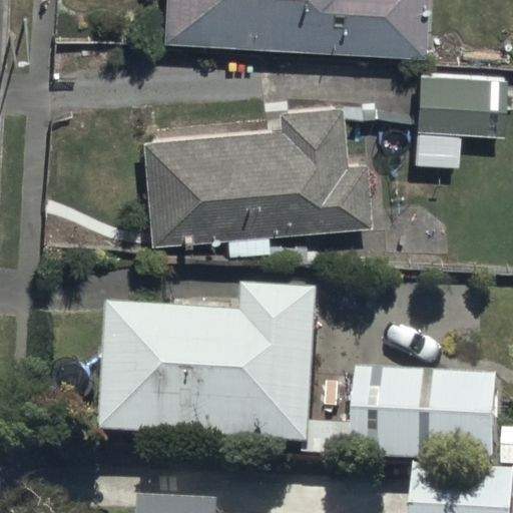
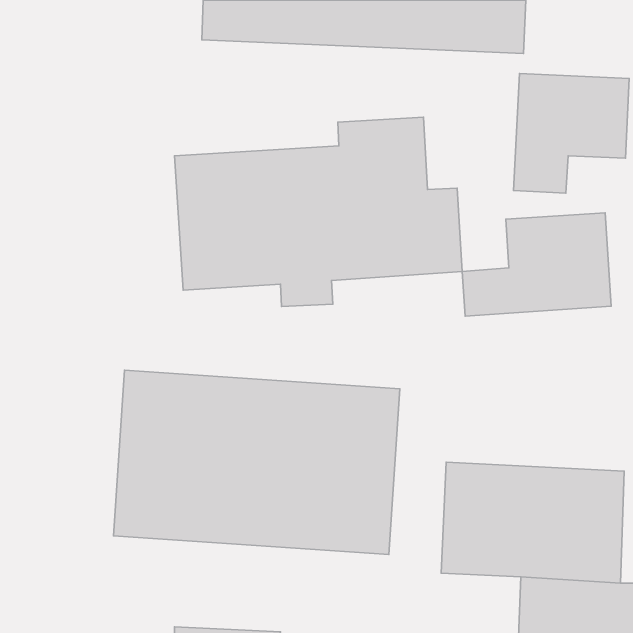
building: none -> [462,213,611,316]

